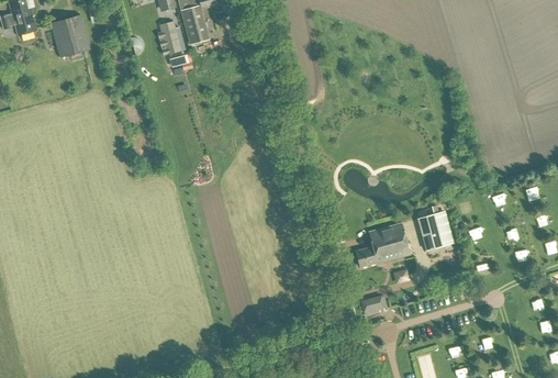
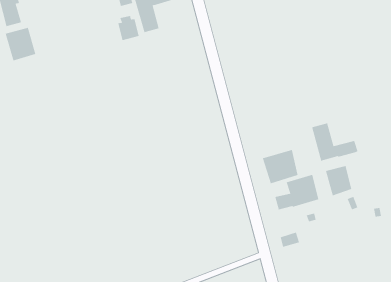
building: [49,14,89,57] -> [5,27,36,61]
building: none -> [311,122,358,162]
building: none -> [262,149,298,184]

